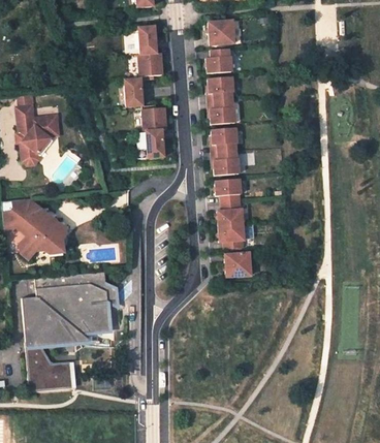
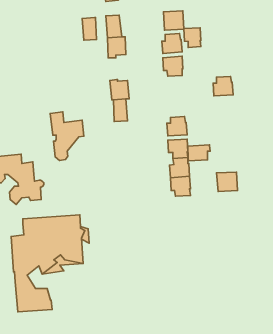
building: none -> [184,28,201,48]
building: [126,80,144,107] -> [82,18,96,40]
building: [211,101,235,125] -> [213,76,233,96]
building: [15,105,57,165] -> [50,112,84,160]
building: [212,129,236,153] -> none
building: none -> [188,145,210,161]
building: [224,253,250,277] -> [216,172,237,191]

